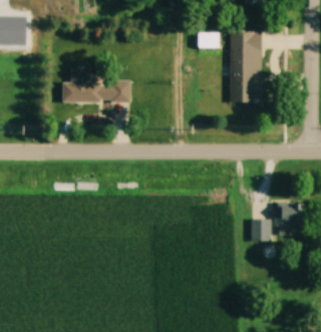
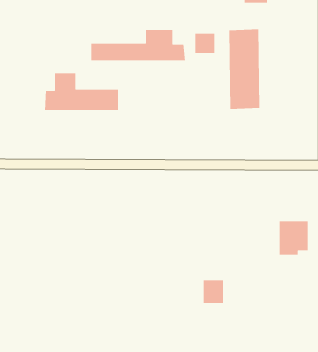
building: none -> [91,29,186,61]
building: [251,218,270,240] -> [203,280,224,304]

